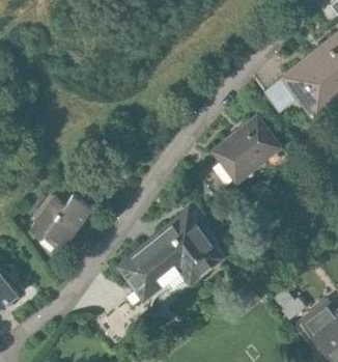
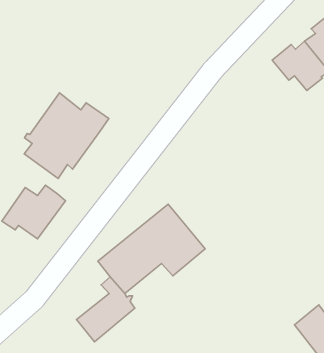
building: [265,79,299,112] -> none
building: none -> [24,93,109,179]
building: [200,118,280,198] -> none

